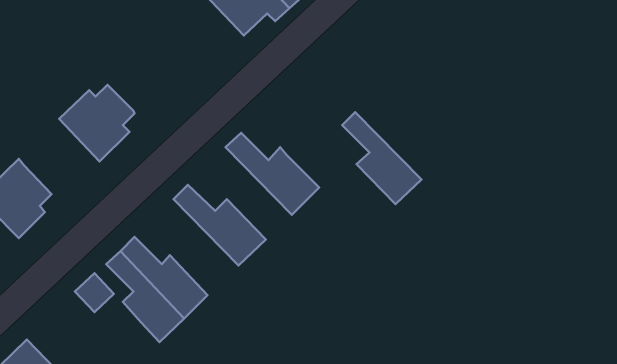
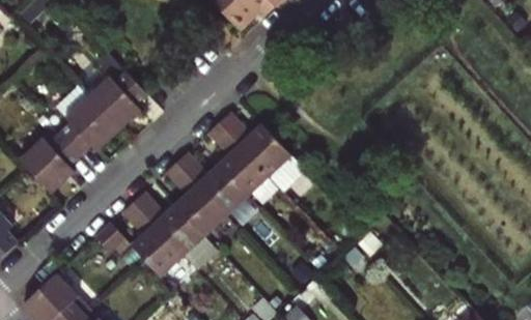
building: none -> [50,88,114,159]
building: [342,112,421,204] -> [204,122,268,196]
building: none -> [162,164,225,240]

